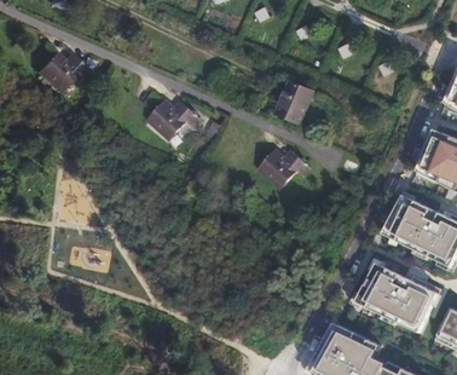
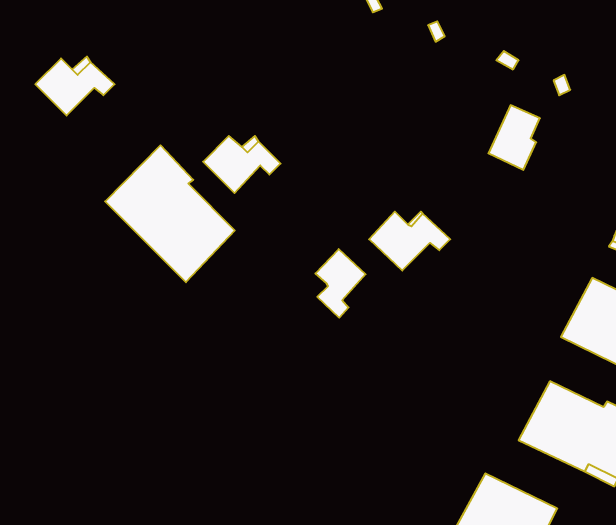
building: [276,81,310,123] -> [488,105,540,170]
building: none -> [105,145,235,282]
building: none -> [315,249,366,318]

